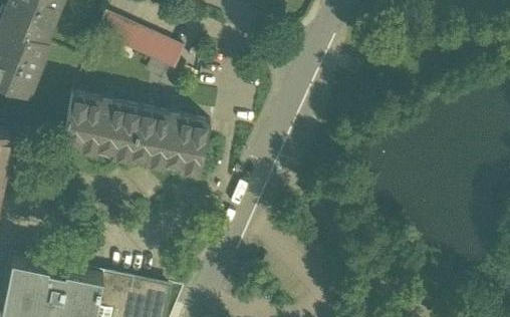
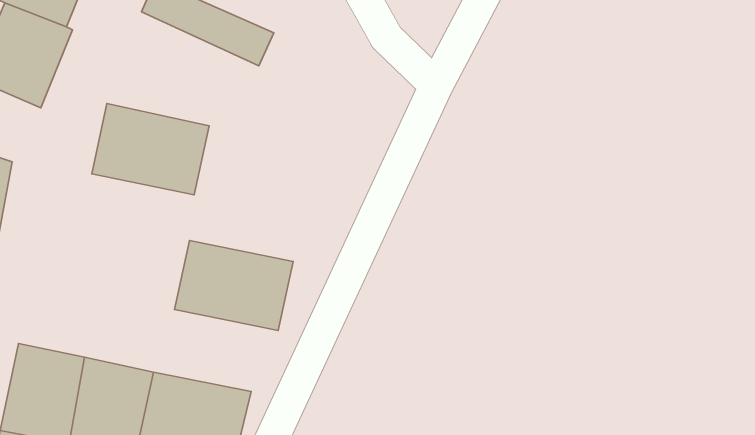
building: [131,107,210,168] -> [174,240,293,331]

